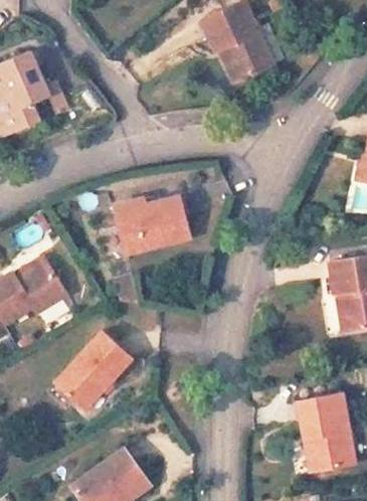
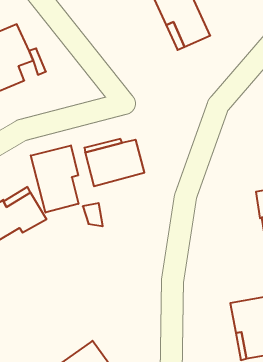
building: none -> [31,145,78,213]
building: [55,331,133,408] -> none

